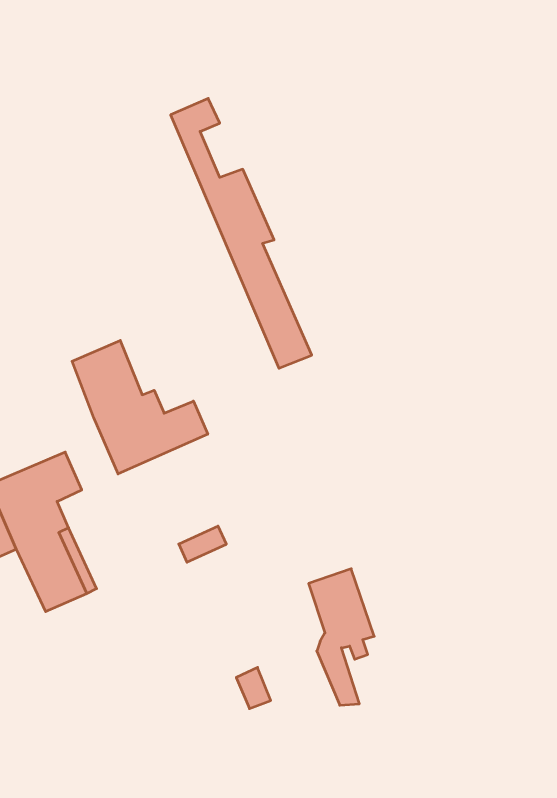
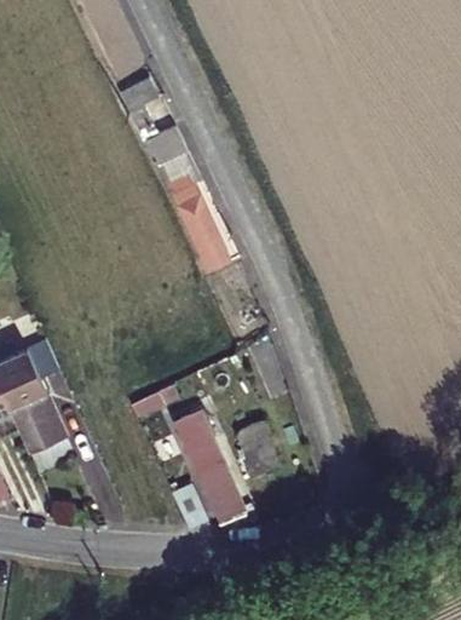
building: [72,340,208,474] -> none
building: none -> [174,418,247,529]

